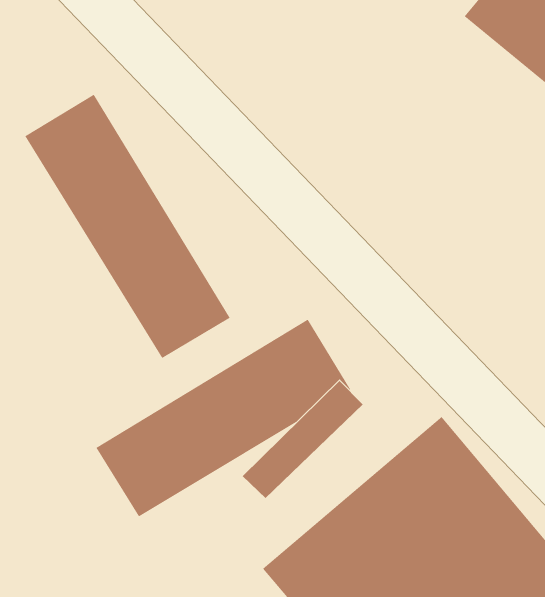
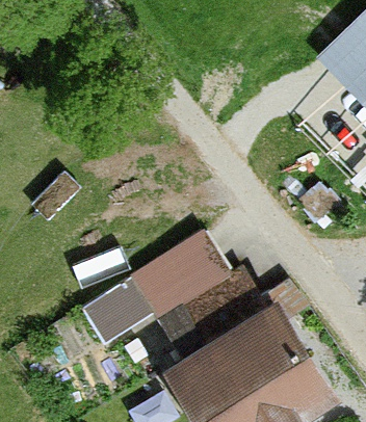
building: [25,94,230,359] -> none

